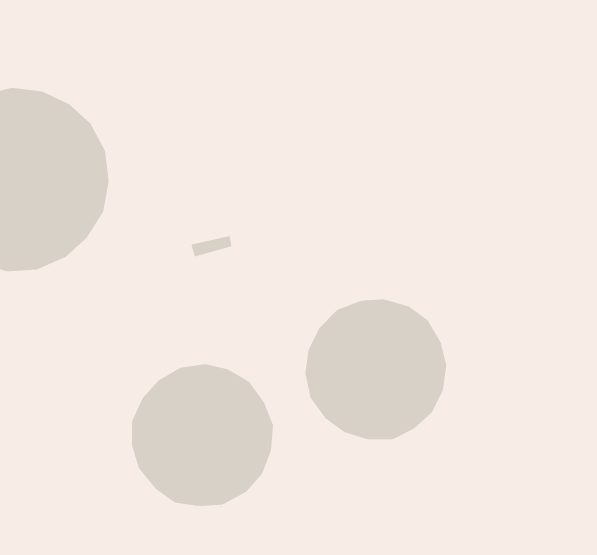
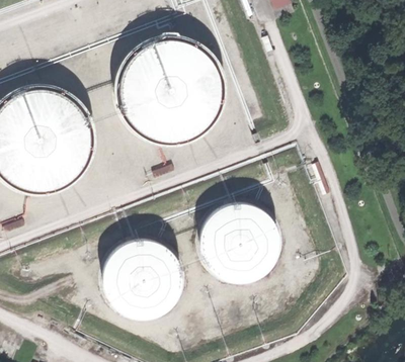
building: none -> [124,41,223,141]

